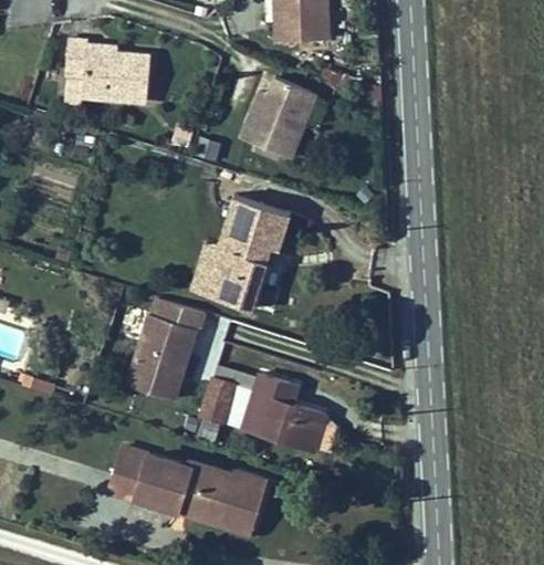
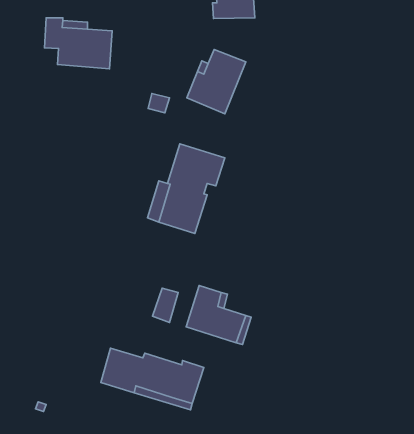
building: [127,300,206,399] -> none
building: [111,447,148,498] -> none

